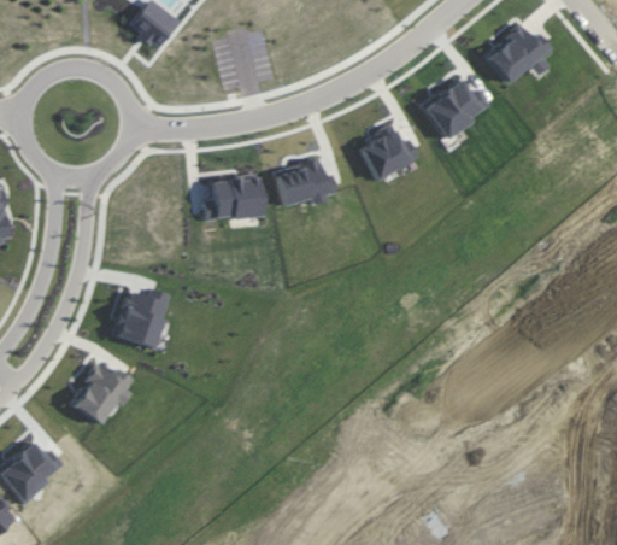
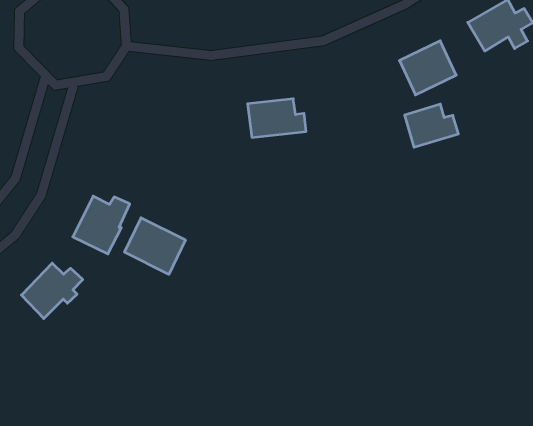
building: [362,129,419,177] -> [405,104,458,147]
building: [206,176,264,219] -> none
building: none -> [125,218,185,274]

